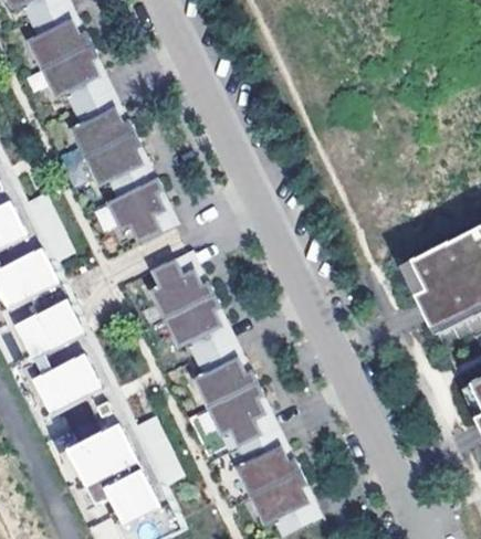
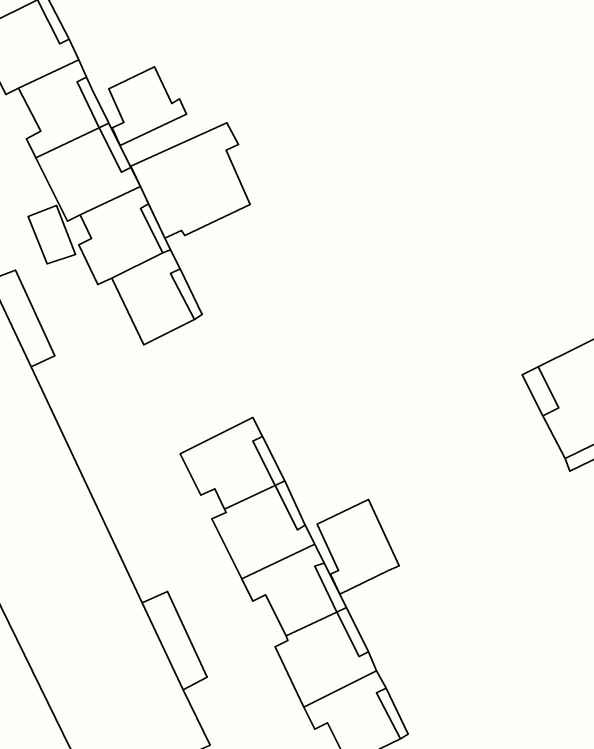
building: none -> [109,67,186,146]
building: none -> [131,123,250,238]
building: [147,253,212,320] -> none
building: none -> [317,499,399,594]

